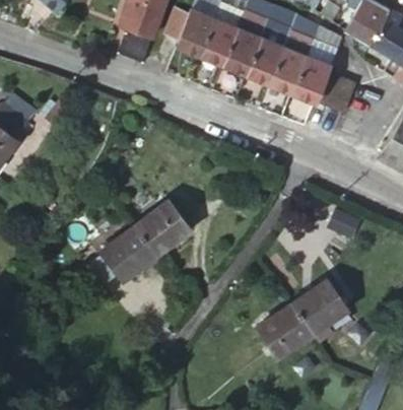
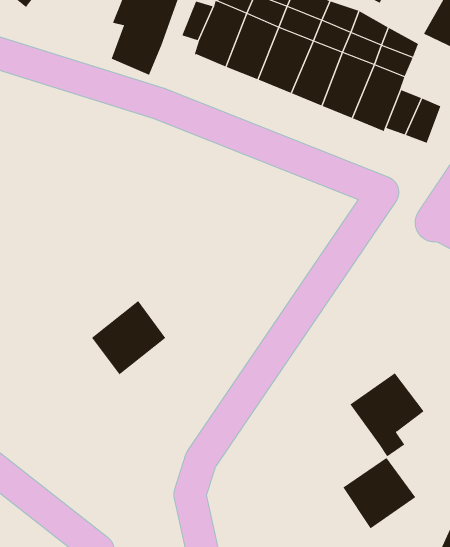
building: [136,201,190,255] -> none
building: [258,303,312,356] -> [343,457,416,529]

